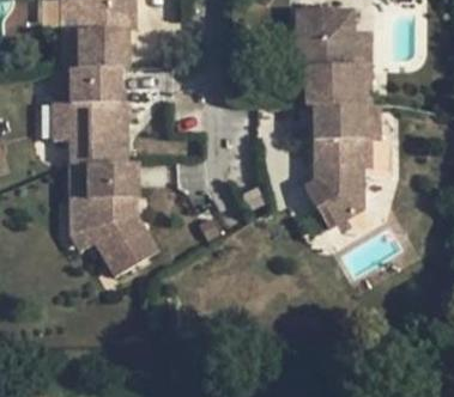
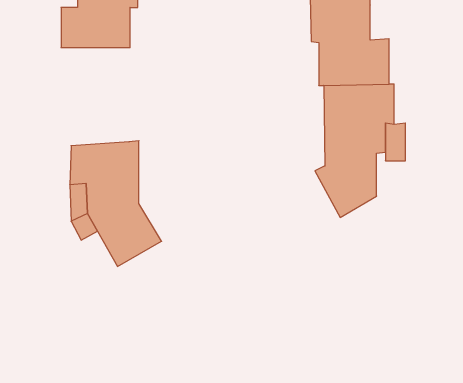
building: [52,68,127,161] -> none

